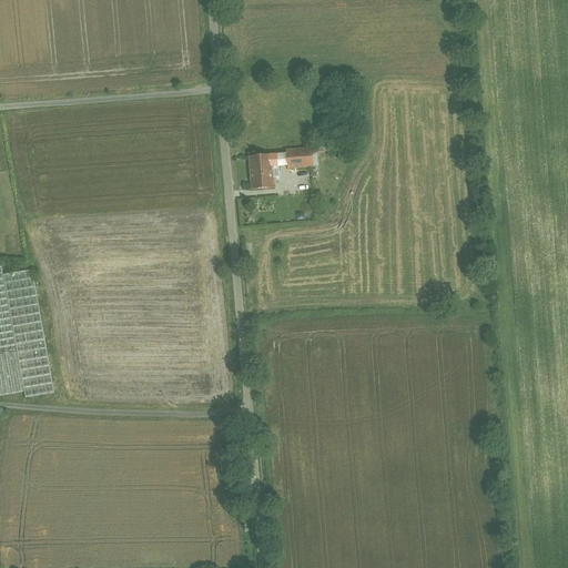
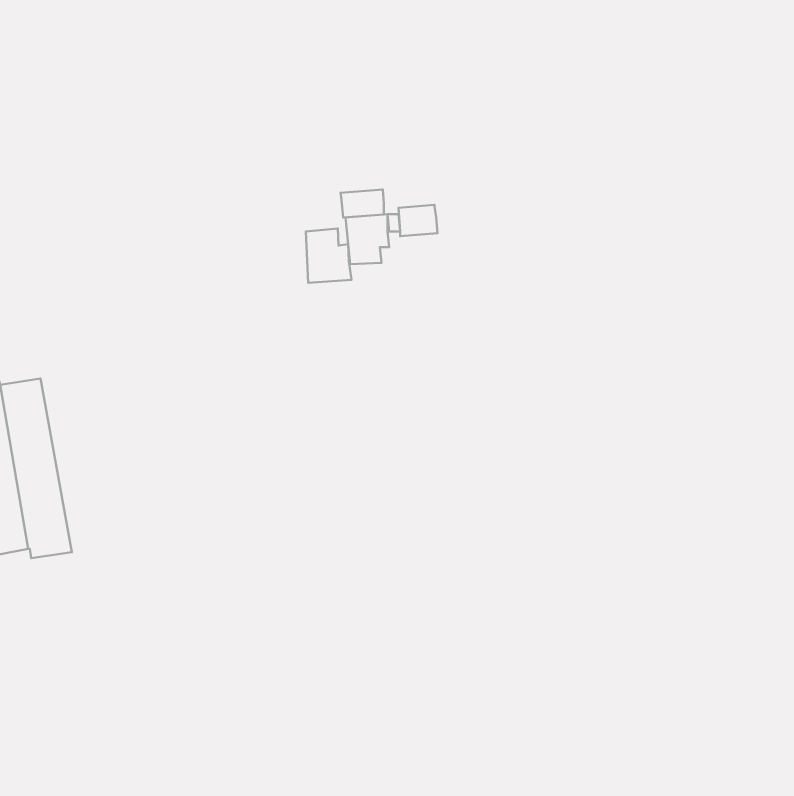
building: none -> [341,190,384,217]
building: none -> [306,228,352,283]

